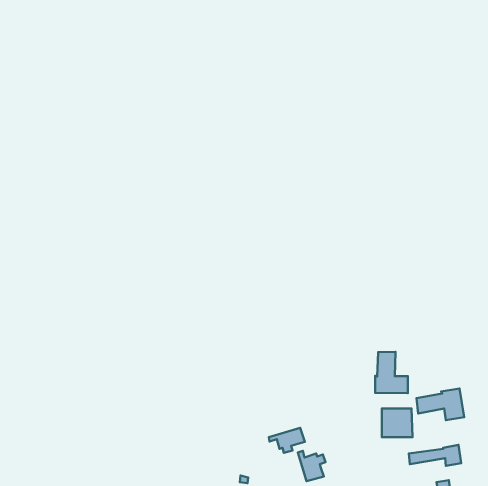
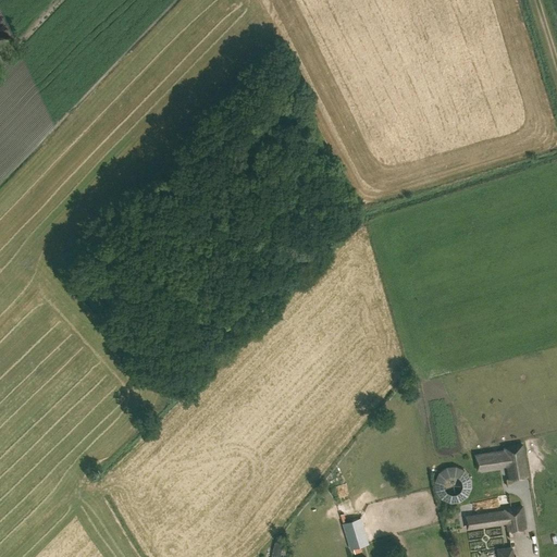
building: [375,352,408,393] -> none
building: [269,428,305,453] -> none

